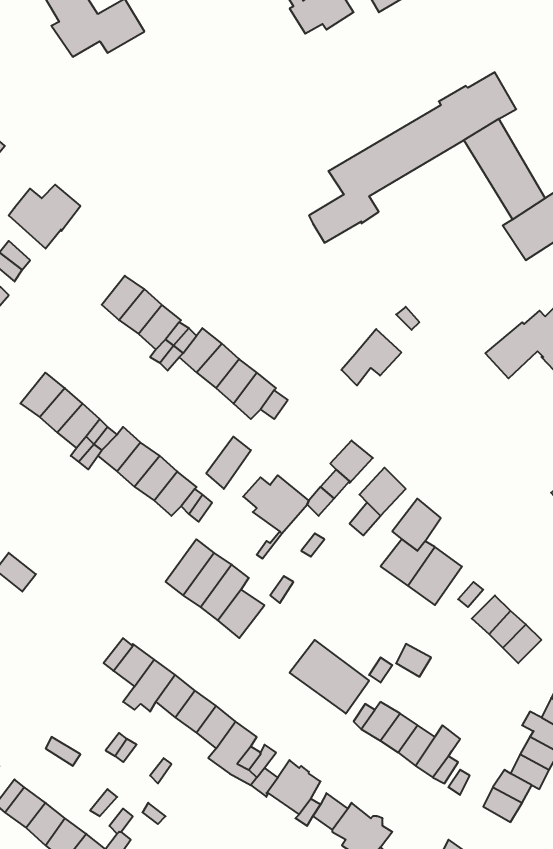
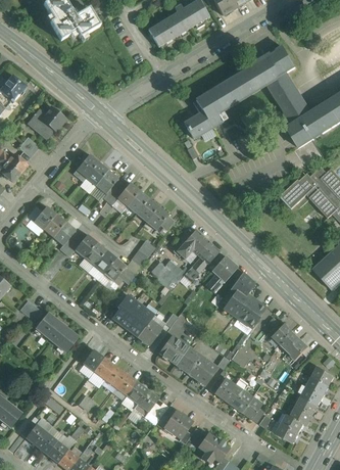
building: none -> [149,13,186,46]
building: [341,329,401,385] -> [177,229,208,259]
building: none -> [36,313,79,351]
building: none -> [159,335,189,364]

